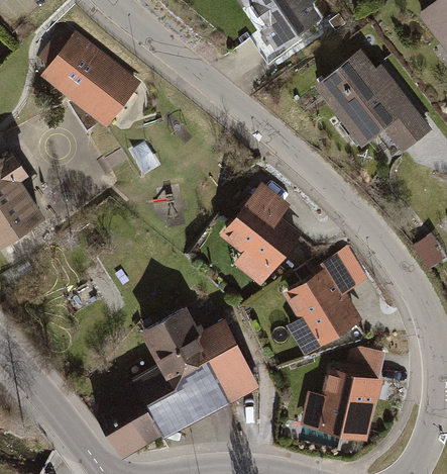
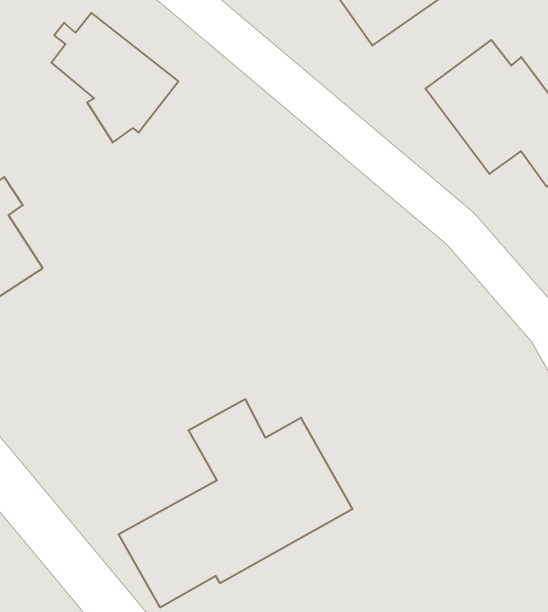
building: [225,181,306,283] -> none
building: [283,253,362,356] -> none
building: [299,348,384,443] -> none

